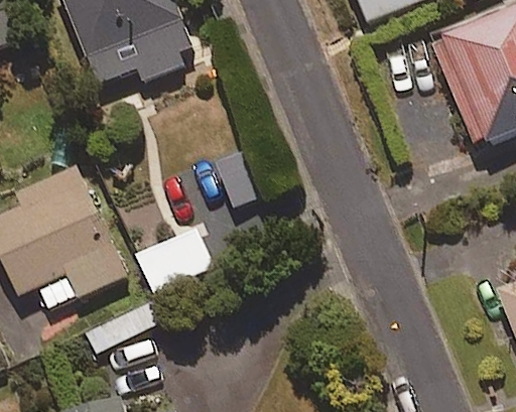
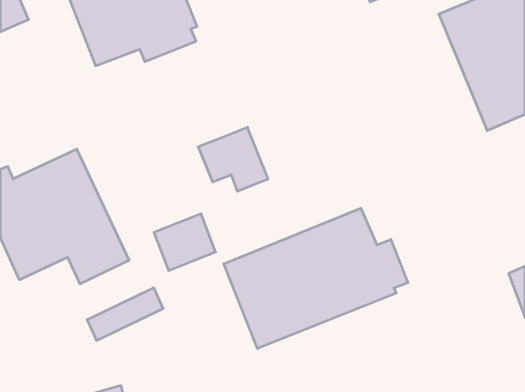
building: none -> [224,208,408,349]

